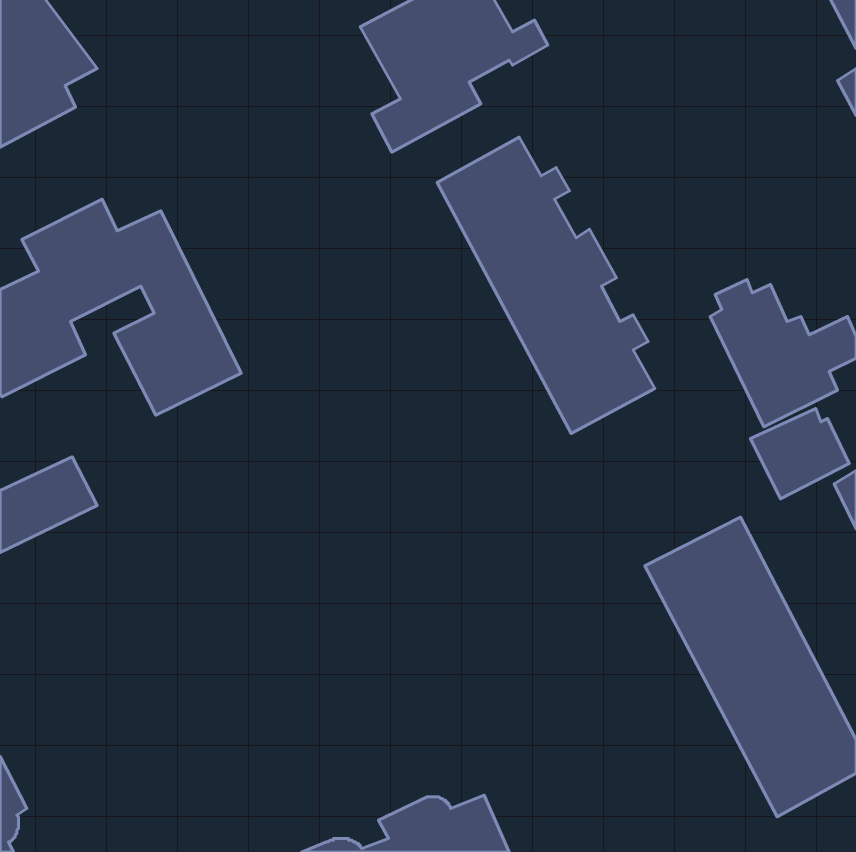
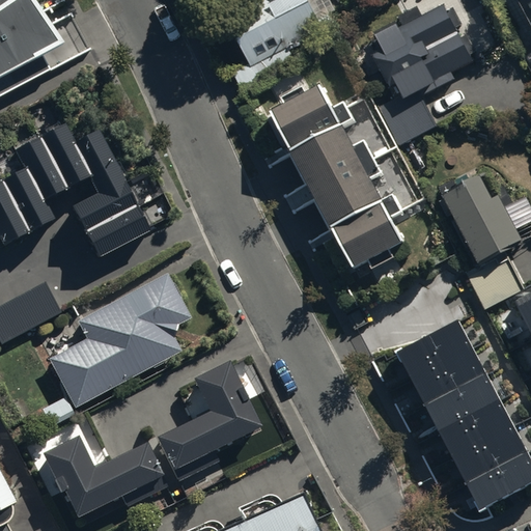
building: none -> [368,4,476,146]
building: none -> [41,273,191,425]
building: none -> [155,361,260,471]
building: none -> [40,435,161,518]

